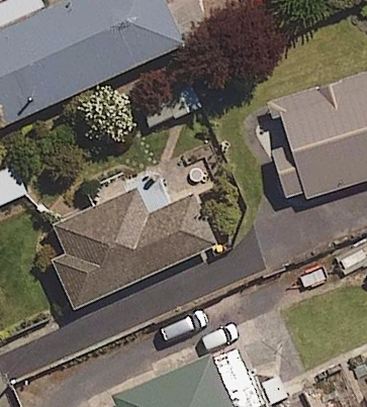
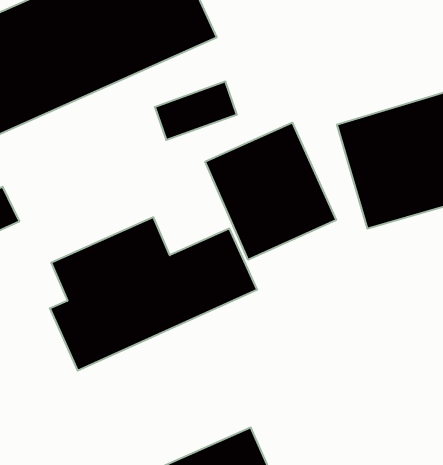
building: none -> [205,123,336,260]

